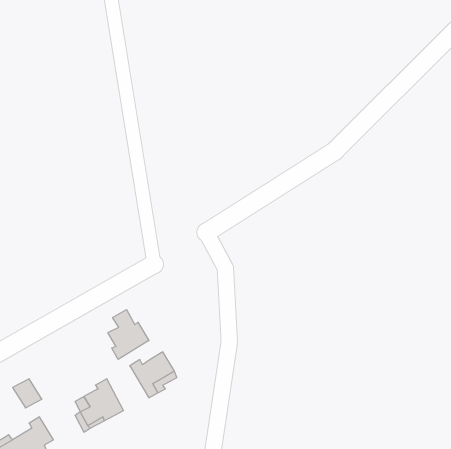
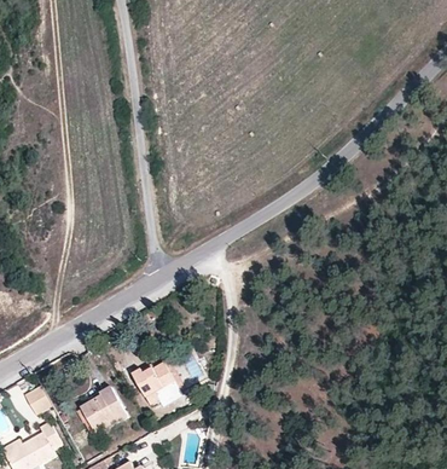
building: [108,310,149,359] -> none

